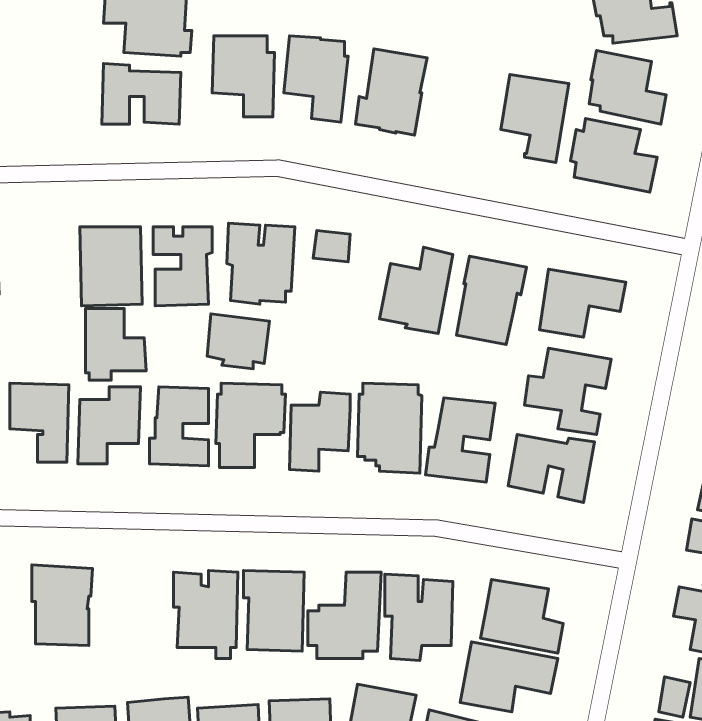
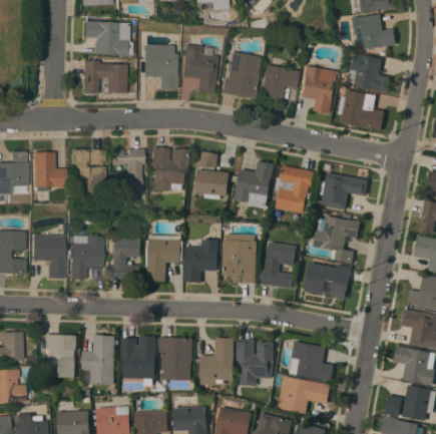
building: none -> [259,65,298,104]
building: [85,308,146,380] -> [32,152,65,191]
building: [207,314,270,369] -> [195,169,230,199]
building: none -> [81,335,115,386]

